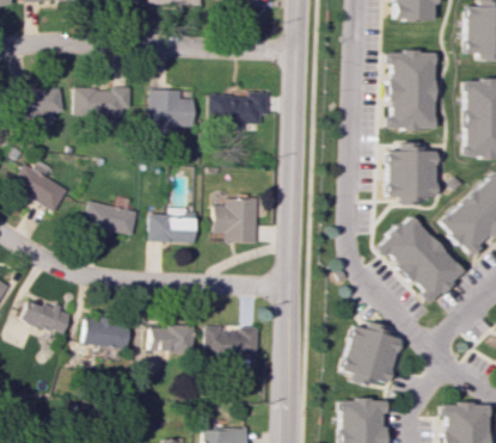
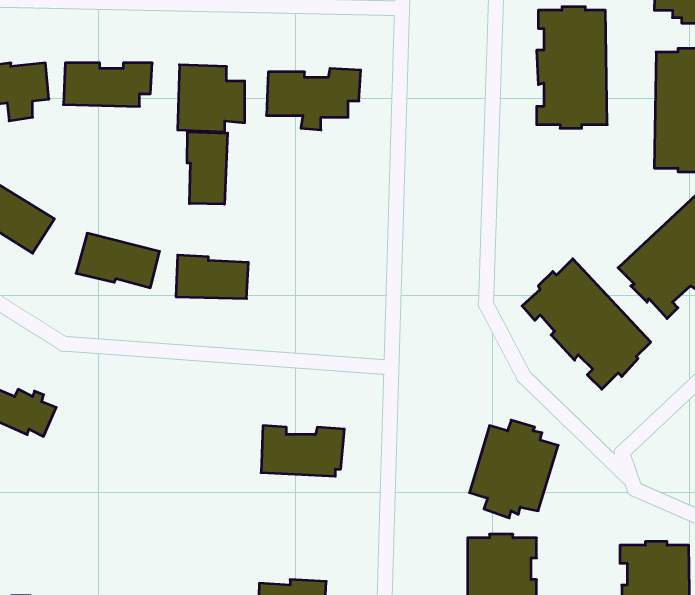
building: none -> [187,132,228,204]
building: [387,143,435,205] -> none
building: [215,198,259,242] -> none
building: [82,316,130,350] -> none
building: [151,325,195,353] -> none

